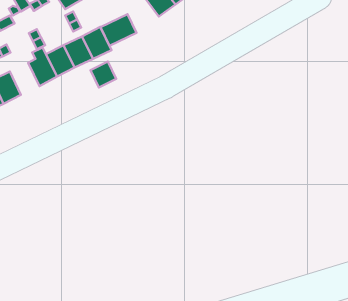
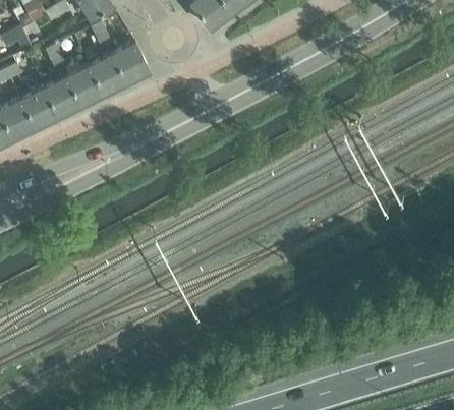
building: [100,14,136,46] -> none
building: [90,61,116,87] -> none
building: none -> [20,89,58,129]

